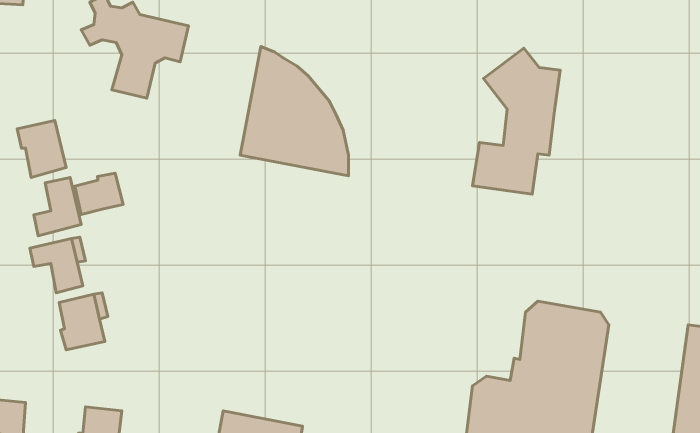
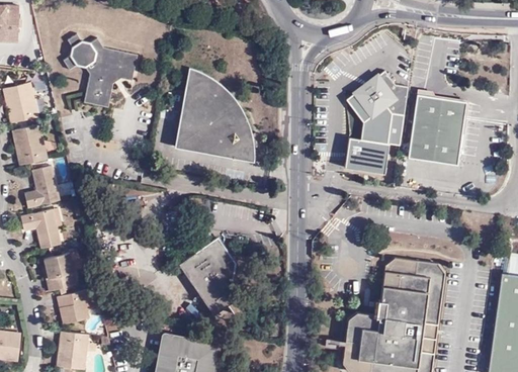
building: none -> [5,81,38,121]
building: none -> [408,95,465,165]
building: [75,173,123,214] -> none
building: none -> [178,241,236,317]
building: none -> [59,289,88,322]

